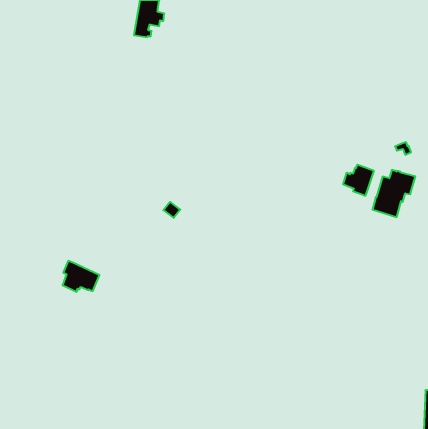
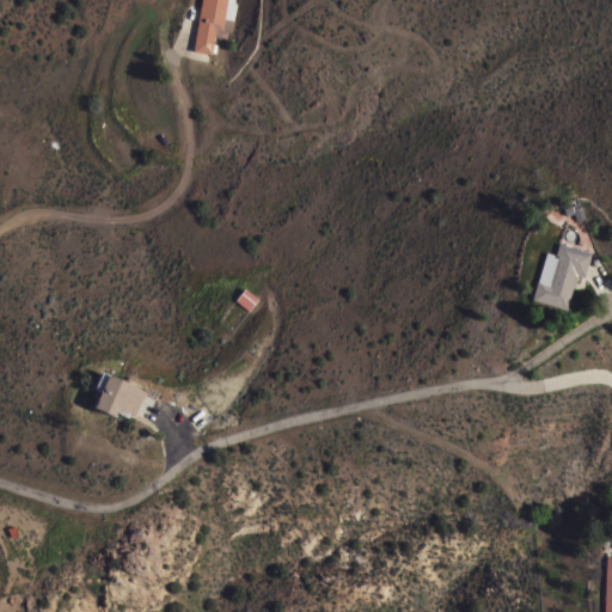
building: [343,165,374,196] -> none

